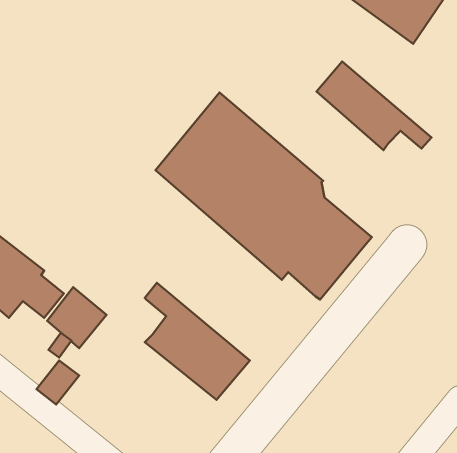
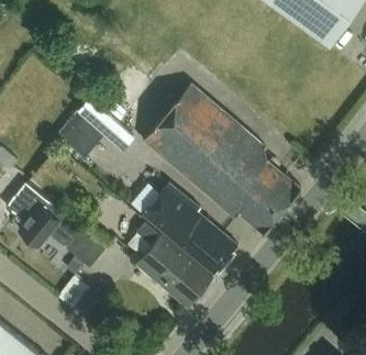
building: [317,61,431,150] -> none
building: none -> [58,99,134,160]
building: none -> [144,185,240,275]

